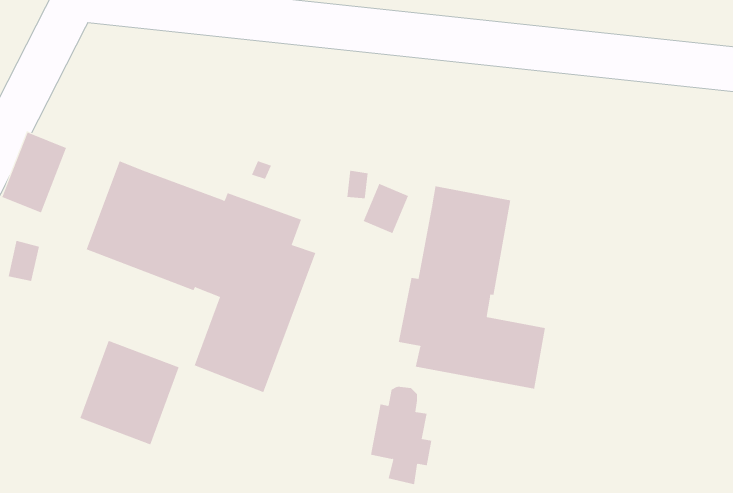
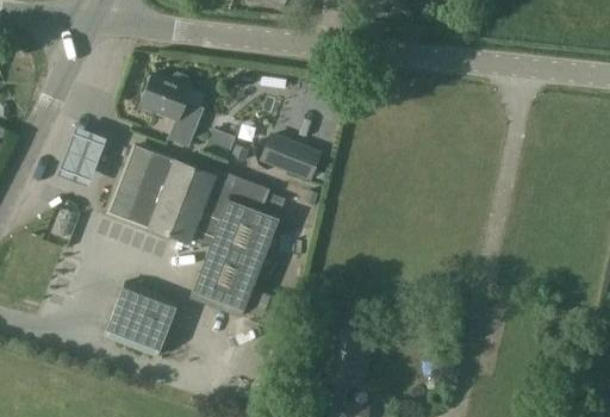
building: none -> [142,70,206,147]
building: [363,183,409,234] -> [261,131,295,169]
building: [398,186,545,390] -> none

